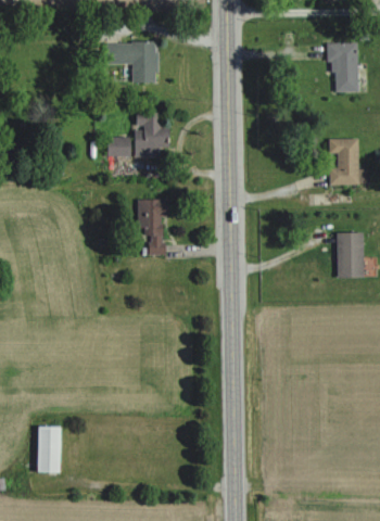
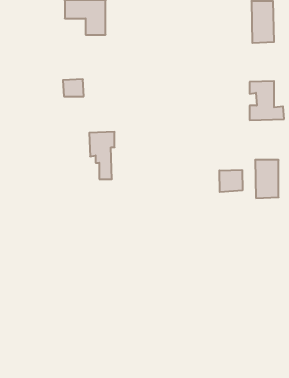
building: [132,114,168,155] -> none
building: none -> [219,170,242,192]
building: [35,425,60,473] -> none

